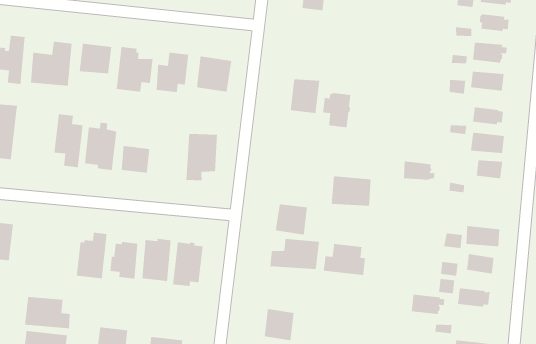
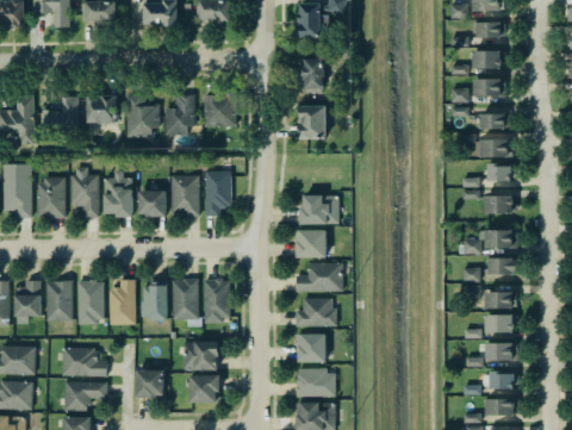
building: [322,92,351,128] -> [296,58,323,92]
building: none -> [36,177,64,217]
building: none -> [172,175,199,216]
building: [403,161,435,181] -> [483,195,515,213]
building: [331,176,372,207] -> [300,195,340,225]
building: none -> [44,280,72,320]
building: none -> [77,279,102,323]
building: [323,243,366,276] -> [294,297,335,325]
building: [411,294,445,315] -> [484,314,516,332]
building: none -> [182,341,217,370]

